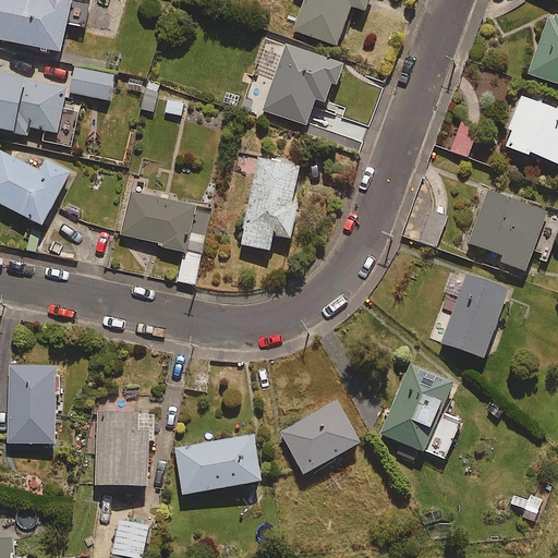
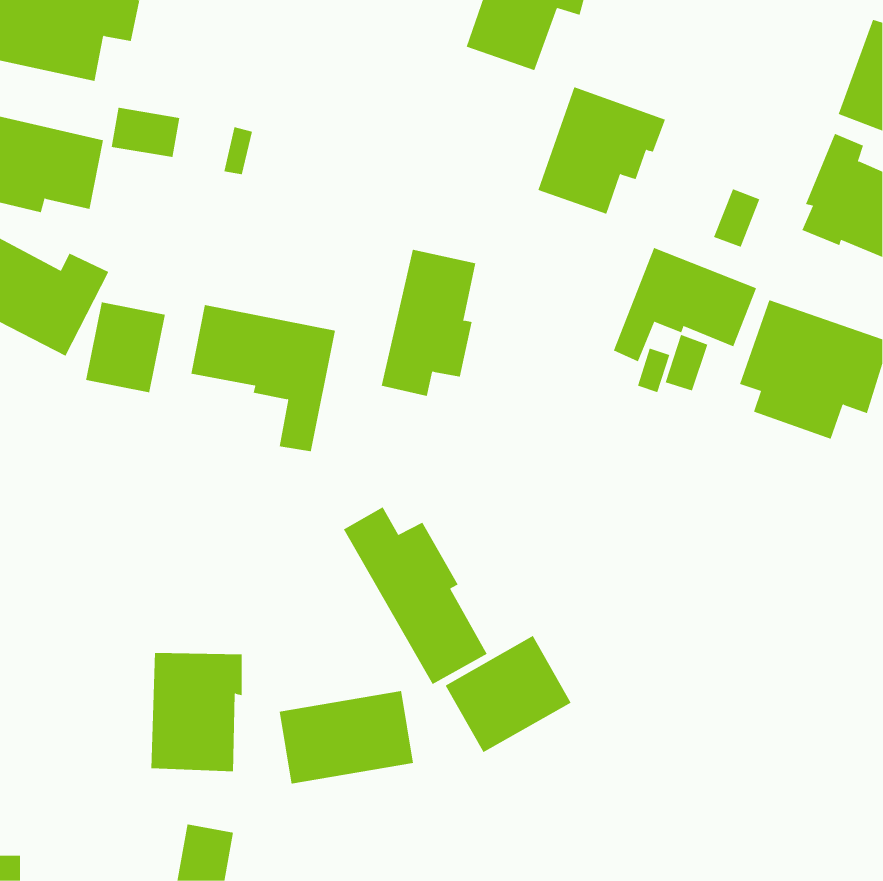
building: [263,44,343,124] -> [538,86,666,215]
building: none -> [613,247,757,362]
building: none -> [86,302,165,393]
building: [441,274,508,357] -> none
building: none -> [343,506,487,685]
building: [380,363,461,460] -> none
building: [8,364,60,444] -> none

